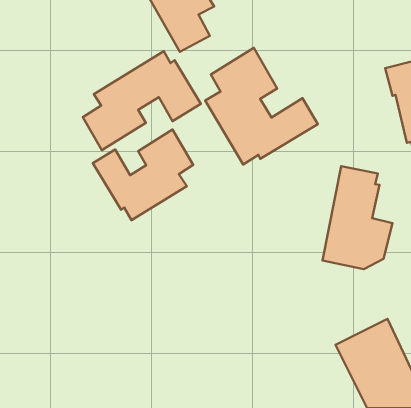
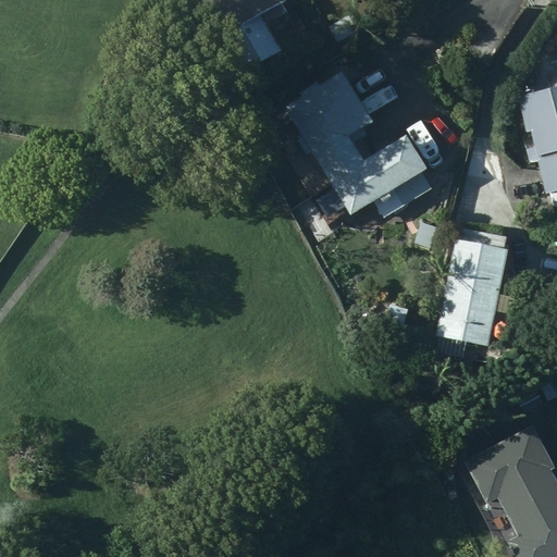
building: [83,51,201,150] -> none
building: [93,130,193,220] -> none

